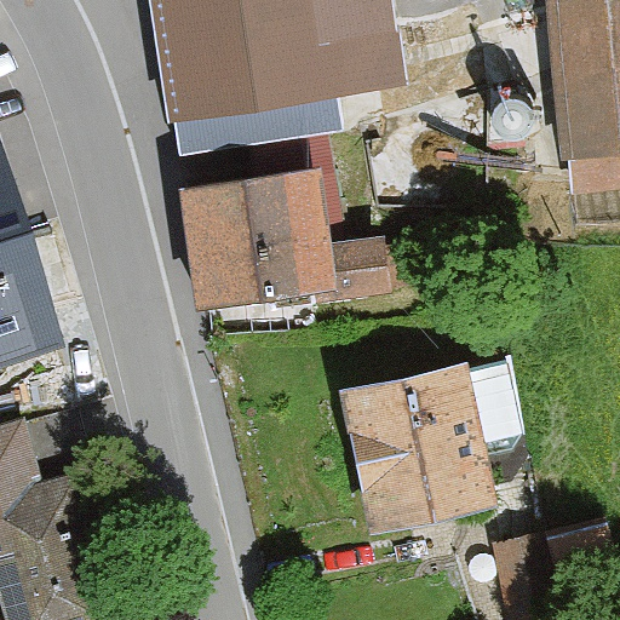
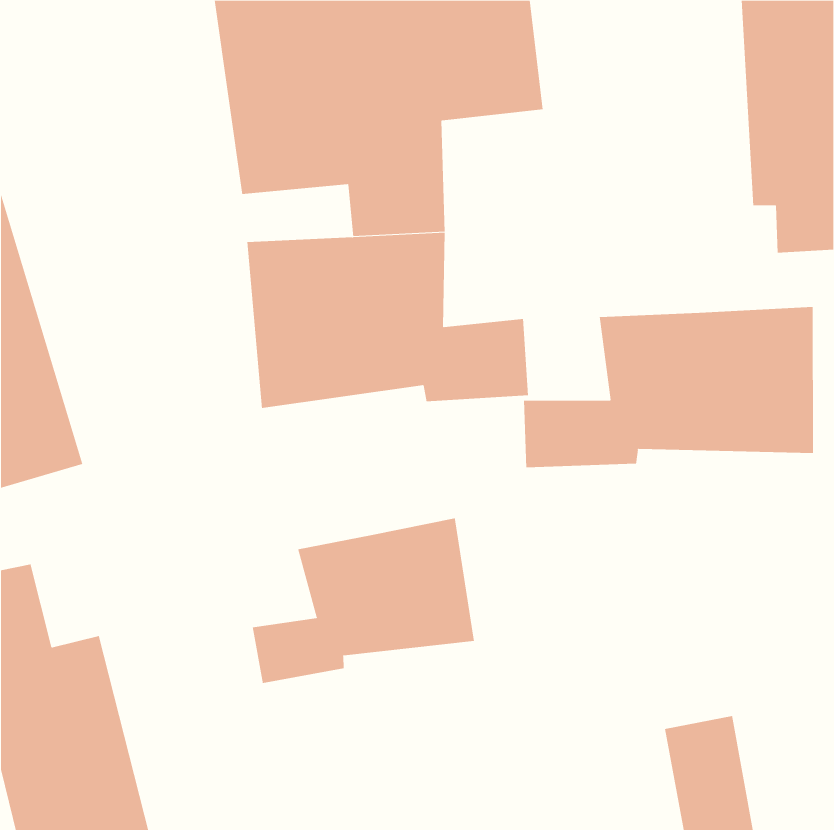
building: none -> [524,306,814,468]
building: [341,362,526,529] -> none
building: none -> [252,517,474,684]

